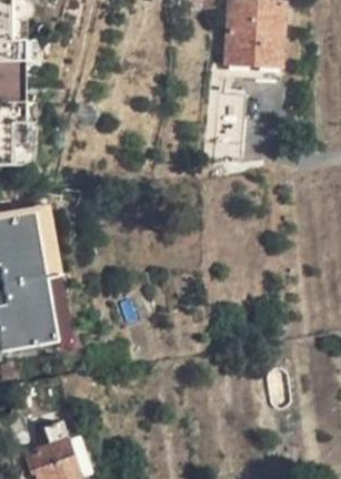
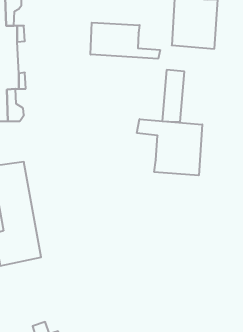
building: none -> [91,23,160,59]
building: none -> [137,119,202,175]

